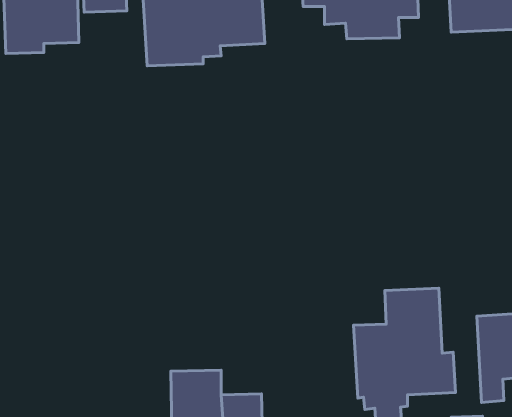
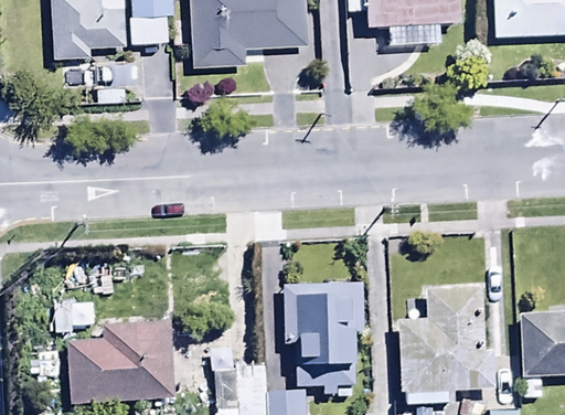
building: none -> [282,283,363,395]
building: none -> [68,306,173,403]

